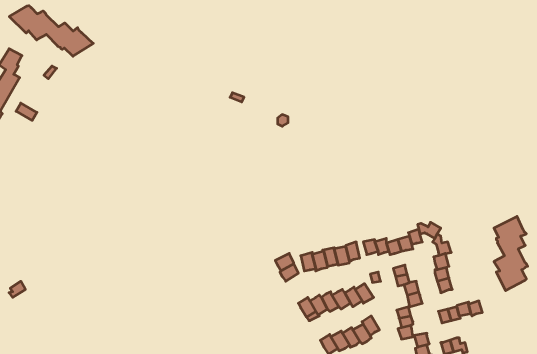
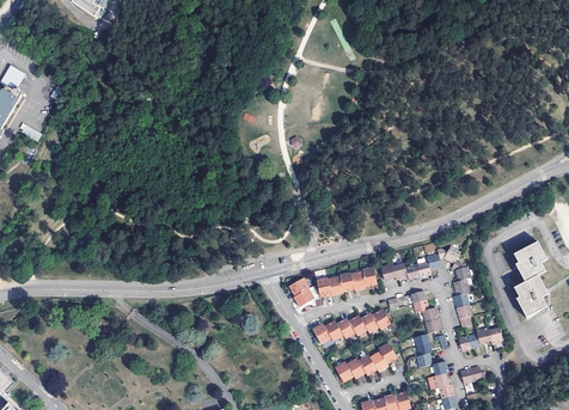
building: [9,6,93,56] -> none

